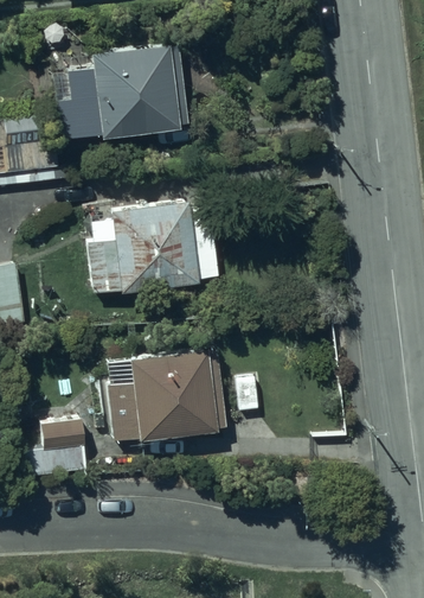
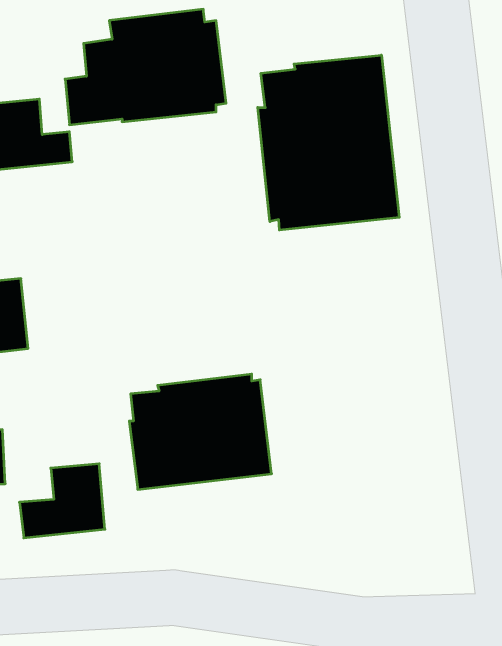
building: none -> [258,55,399,230]
building: [88,199,219,293] -> none

